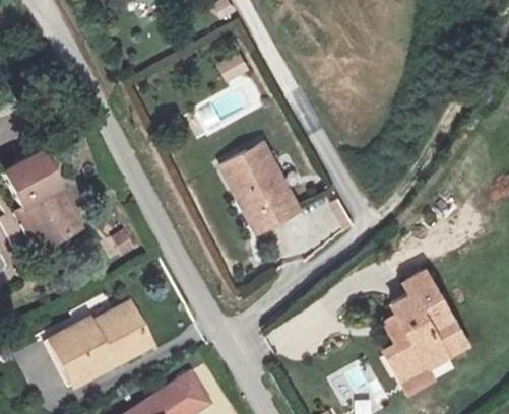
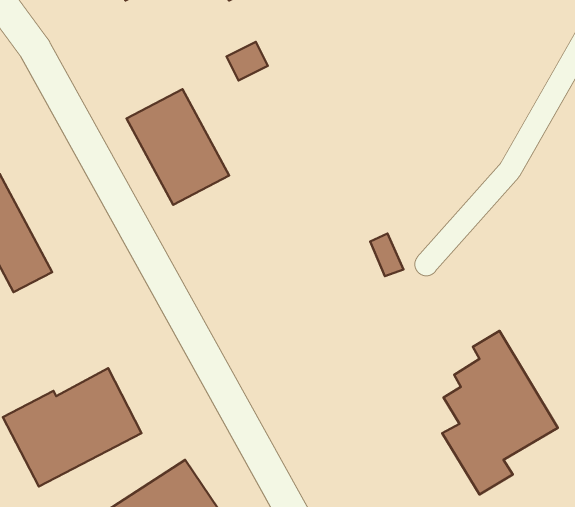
building: [220,145,299,233] -> [127,89,229,205]

